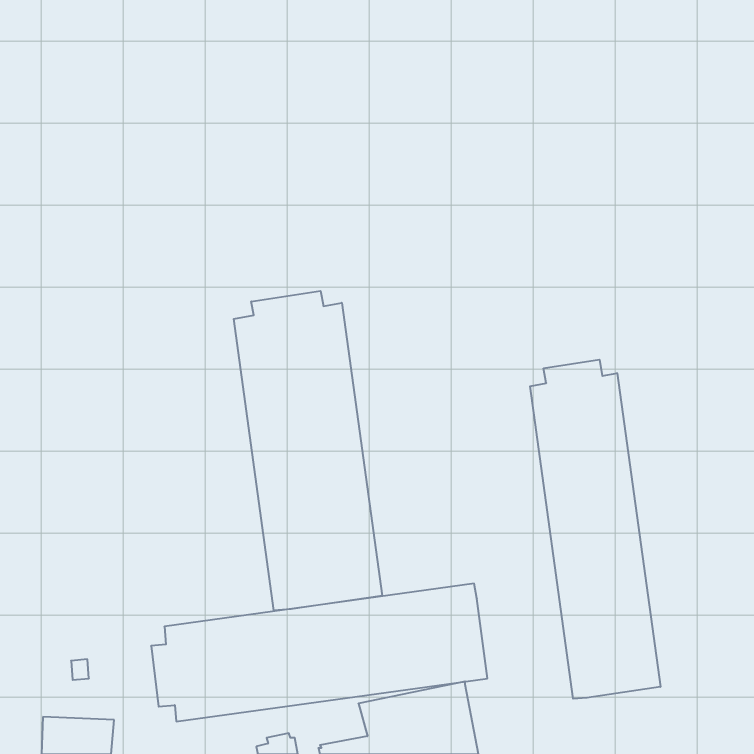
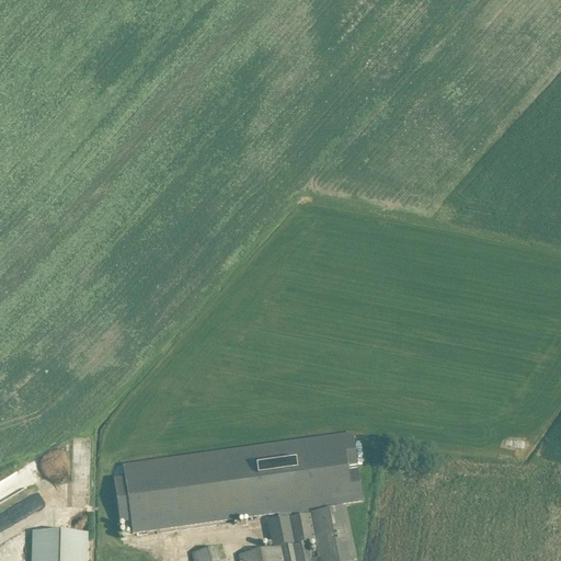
building: [234,291,382,611] -> none
building: [530,360,660,699] -> none

